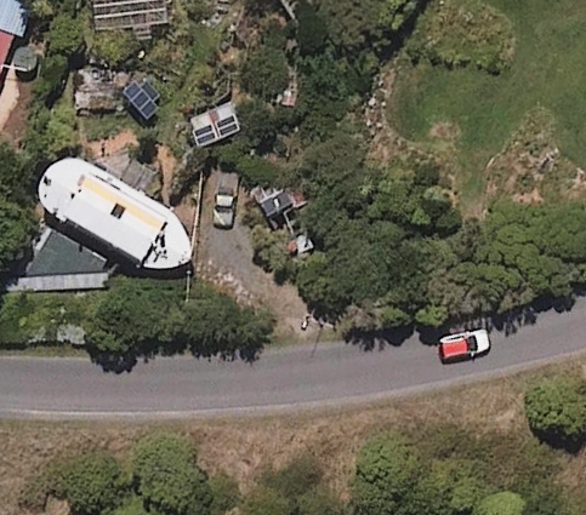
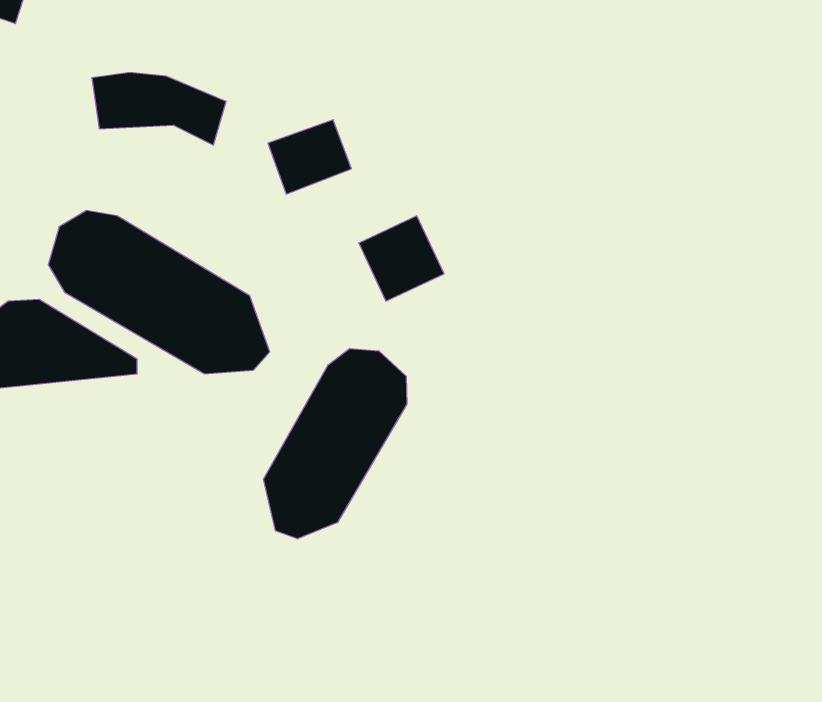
building: none -> [263,348,407,539]

